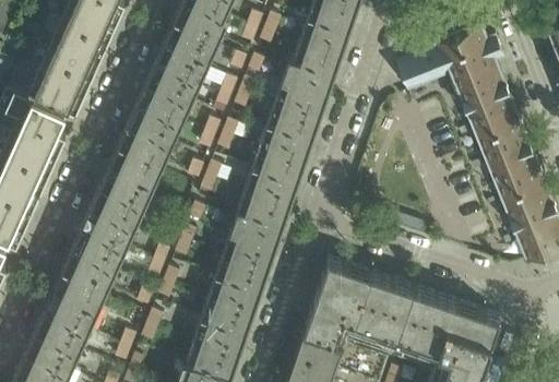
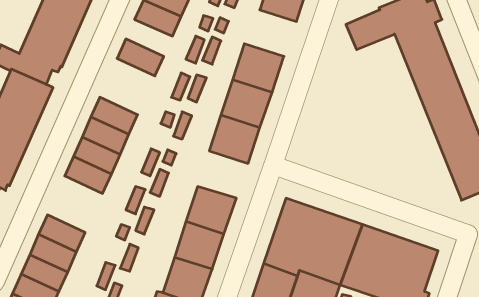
building: [281,48,340,100] -> none
building: [147,59,200,100] -> none
building: [118,103,180,166] -> none
building: [228,206,285,260] -> none
building: [59,235,121,298] -> none

